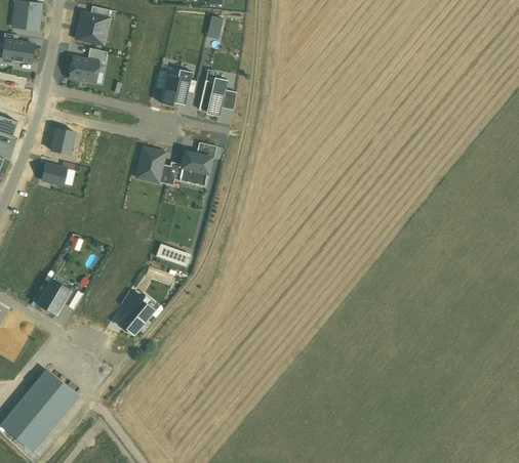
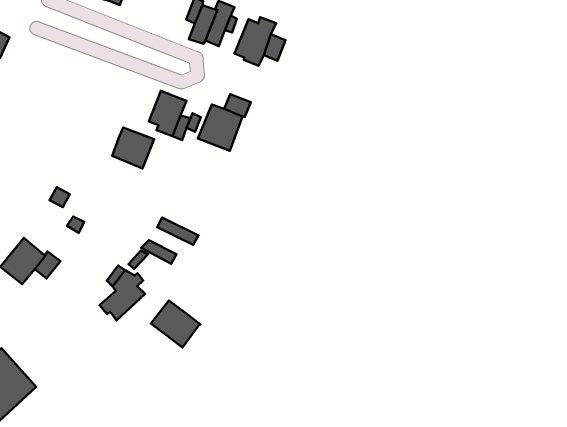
building: [50,127,74,154] -> none
building: [41,163,67,184] -> none
building: none -> [112,127,154,168]
building: none -> [151,300,200,347]

